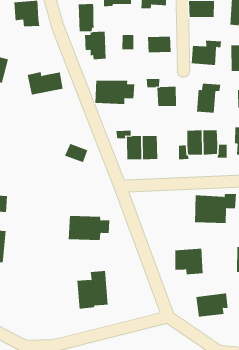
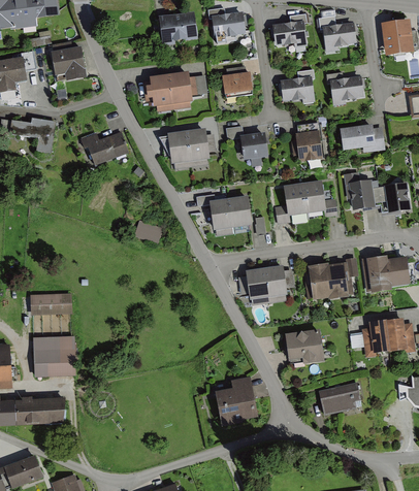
building: [78,4,94,32] -> [170,71,194,108]
building: [68,215,110,241] -> [241,267,294,300]
building: [76,270,109,309] -> [217,375,260,427]

